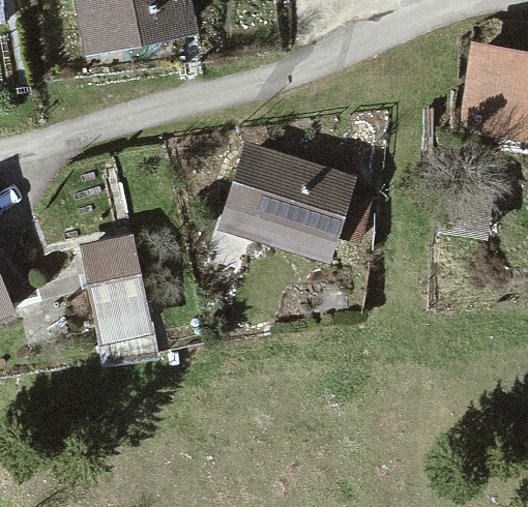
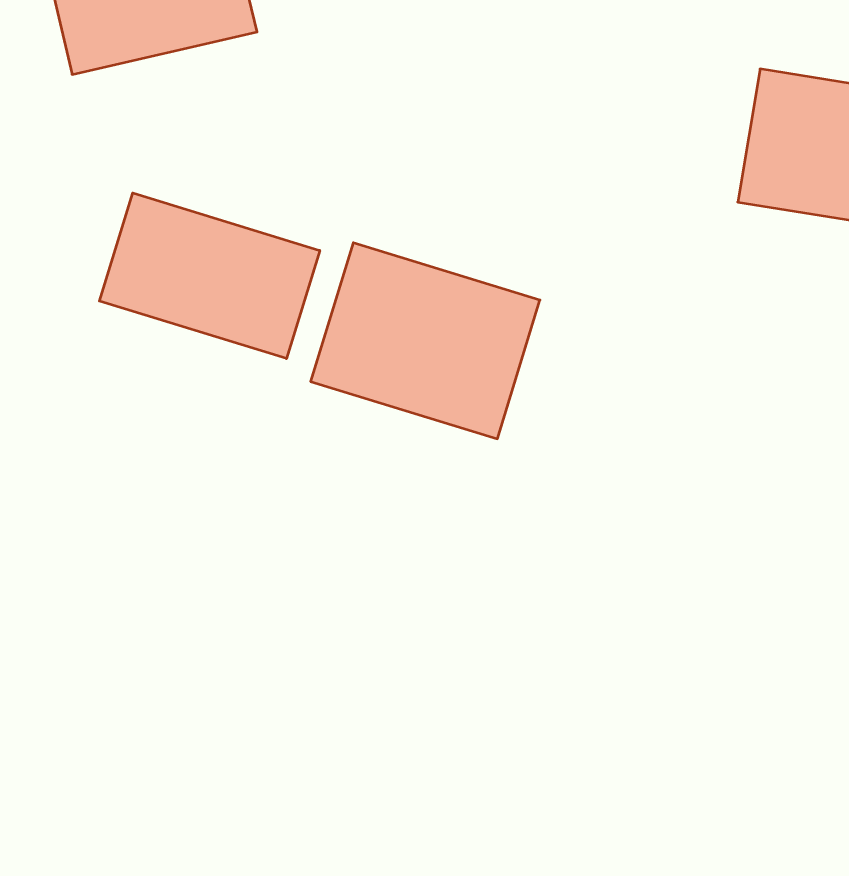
building: none -> [99,193,320,359]
building: [83,238,151,345] -> none

